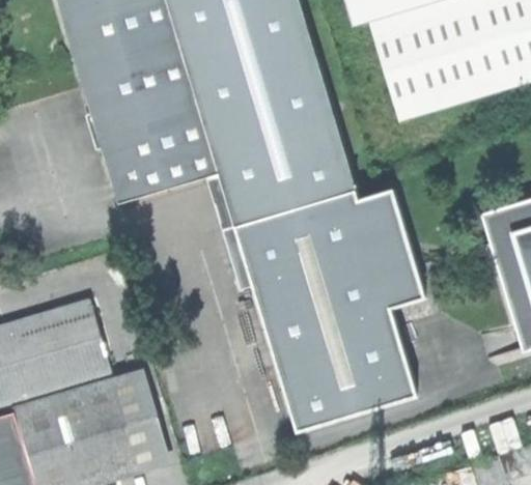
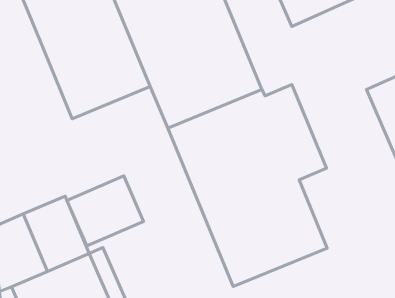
building: none -> [67,176,143,246]

